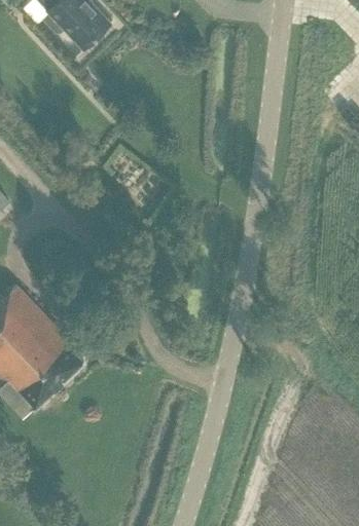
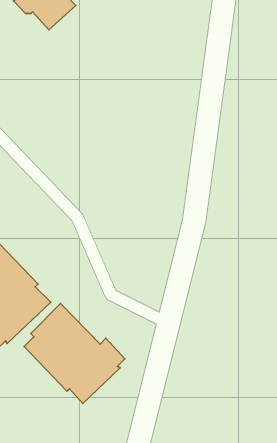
building: none -> [24,304,125,404]

